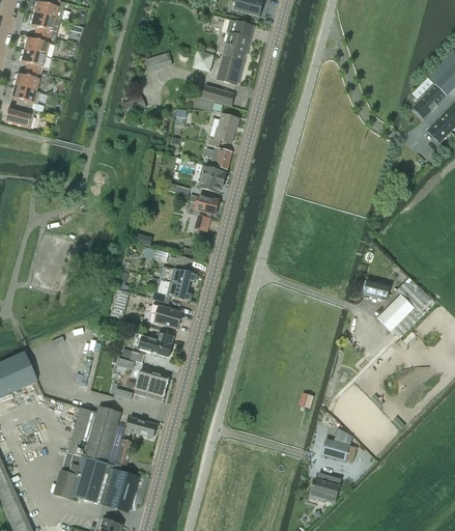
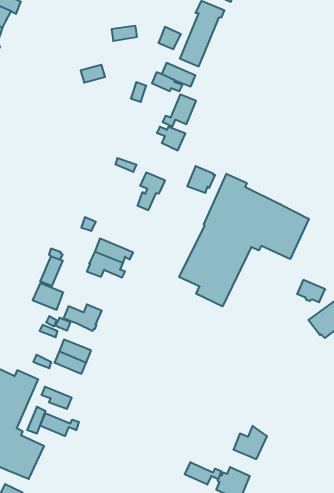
building: [200,166,226,191] -> [187,166,215,193]
building: none -> [179,174,309,306]
building: [153,304,182,328] -> [33,283,63,310]
building: none -> [40,413,79,436]
building: none -> [185,462,221,485]

